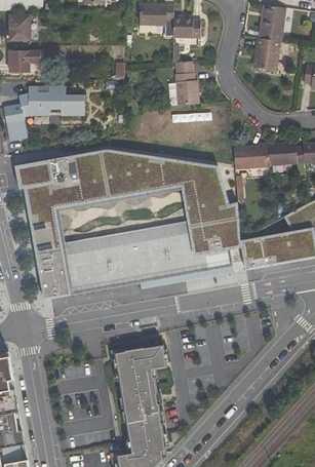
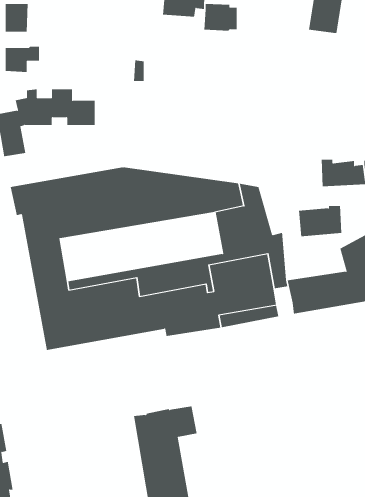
building: [251,37,279,70] -> none
building: [163,61,198,106] -> none
building: [232,143,268,168] -> [298,205,342,237]

